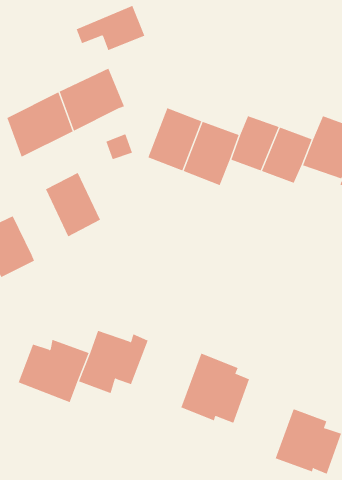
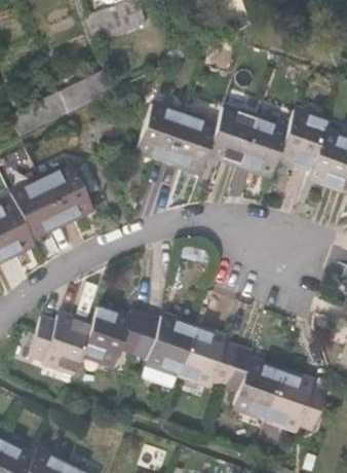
building: none -> [17,174,71,233]
building: none -> [128,311,191,371]
building: none -> [221,345,274,417]

